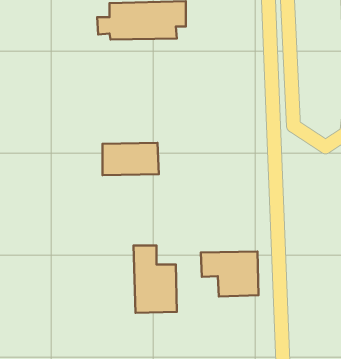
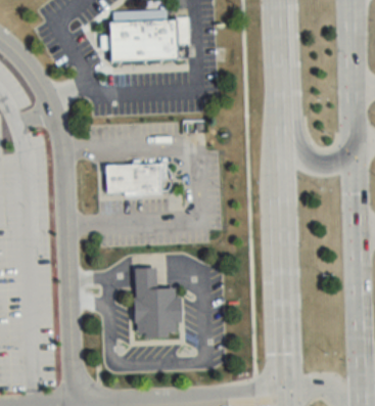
building: [201,251,259,296] -> none

